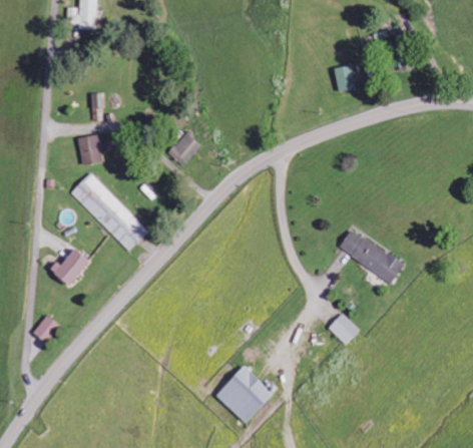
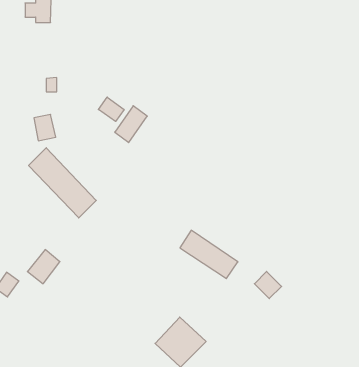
building: [334,64,356,91] -> none
building: none -> [98,97,124,121]
building: [339,229,405,284] -> [180,230,238,279]
building: [52,247,89,286] -> [27,250,60,284]

